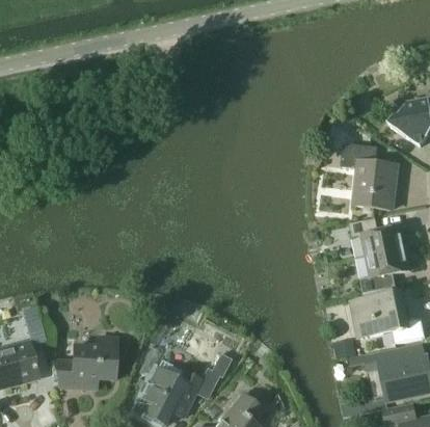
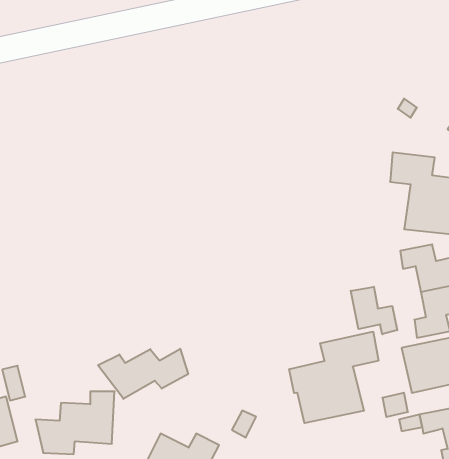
building: none -> [351,287,397,334]
building: none -> [289,332,378,423]
building: none -> [98,349,188,399]

